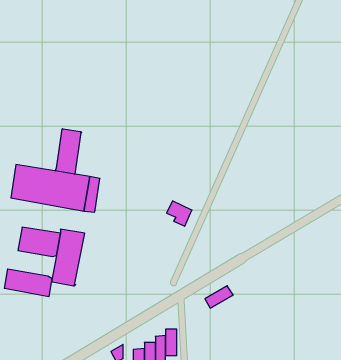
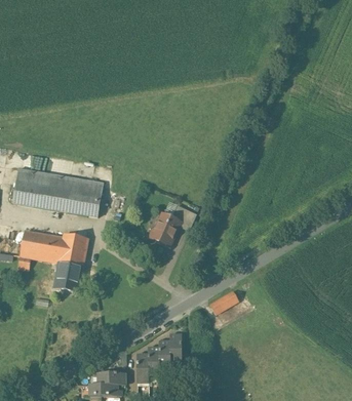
building: [55,129,82,174] -> none
building: none -> [149,213,180,246]
building: [4,269,52,297] -> none

